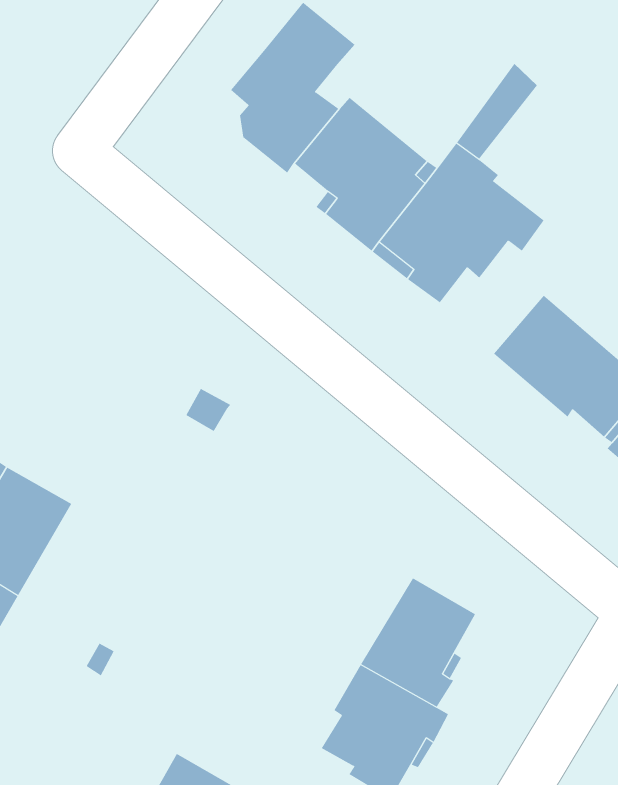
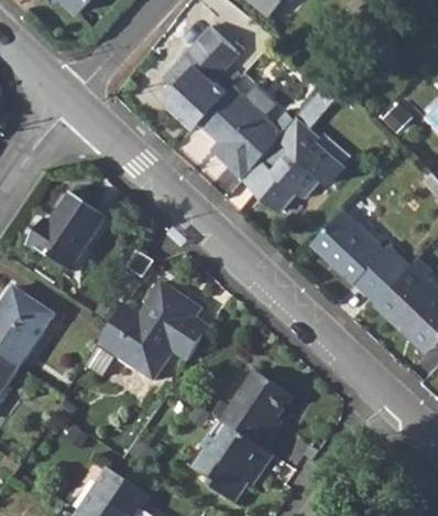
building: none -> [28,194,105,272]
building: none -> [83,281,209,386]

